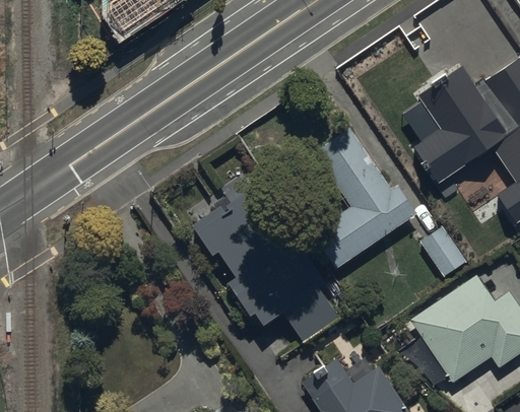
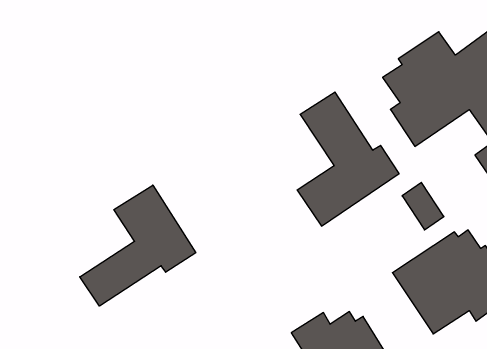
building: [195,183,342,344] -> none
building: none -> [80,185,196,306]

